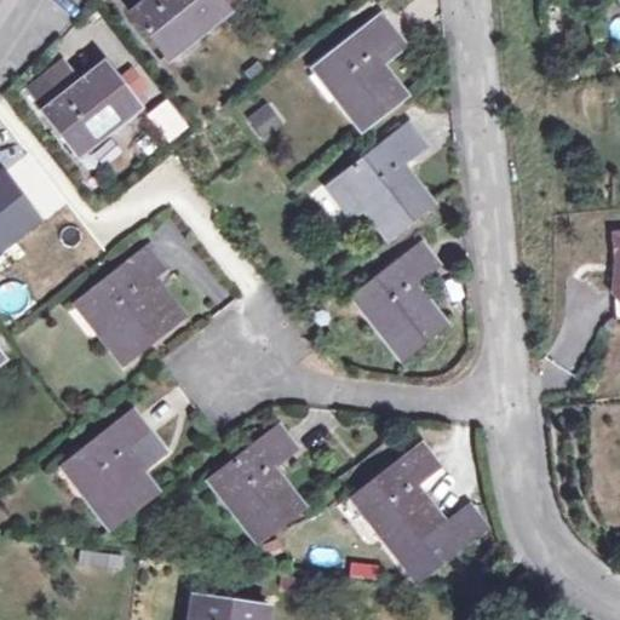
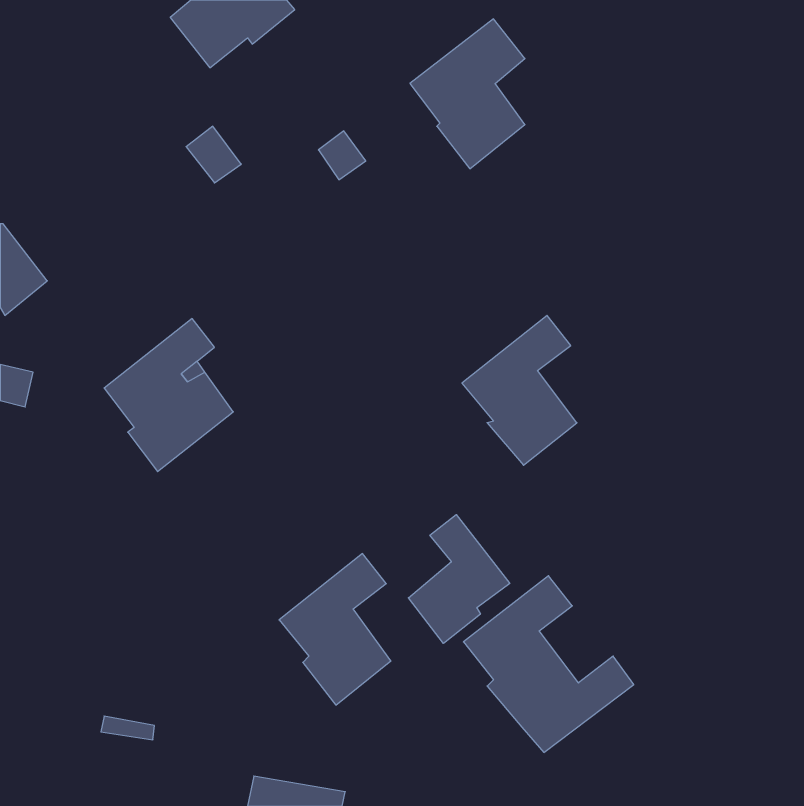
building: [28,63,138,151] -> none
building: [326,122,431,239] -> none
building: none -> [408,515,510,643]
building: [69,409,166,526] -> none

